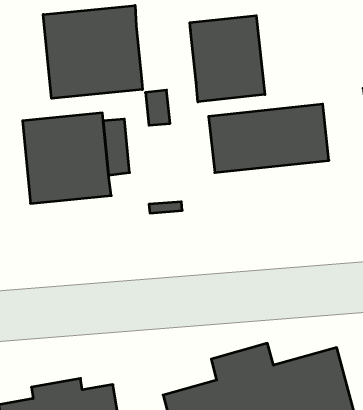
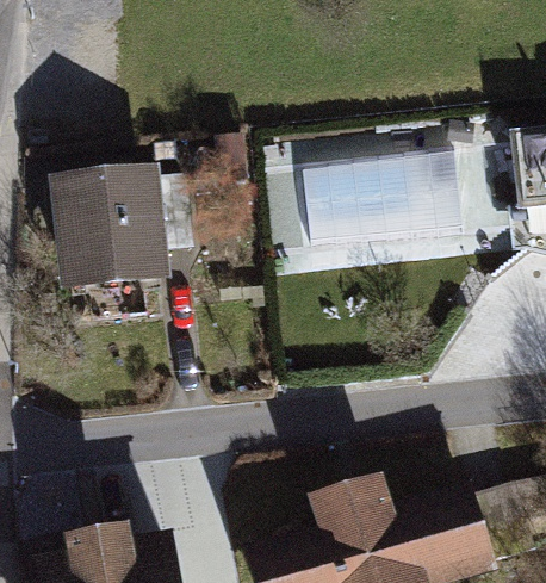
building: [43,5,142,98] -> none
building: [190,16,265,102] -> none

